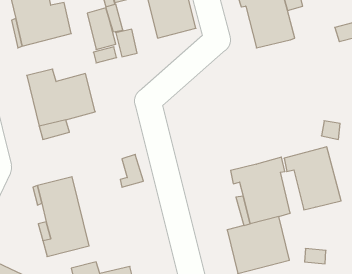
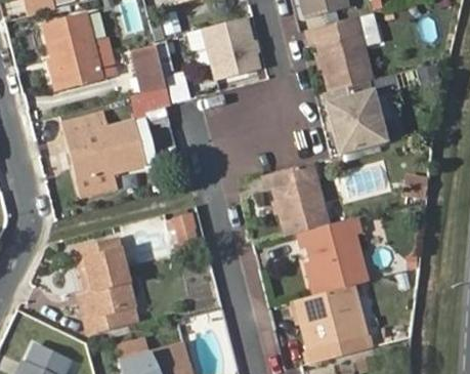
building: none -> [324,82,385,156]
building: [284,147,341,210] -> [263,163,329,236]

